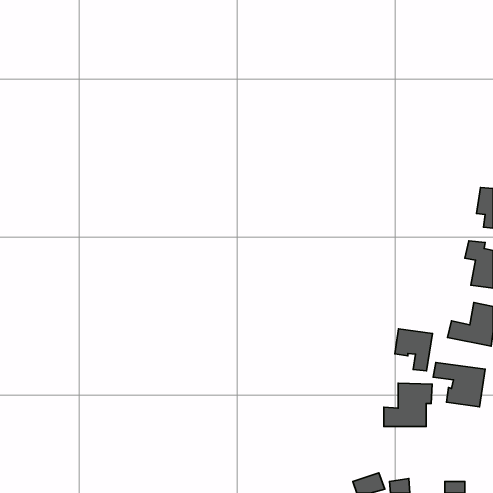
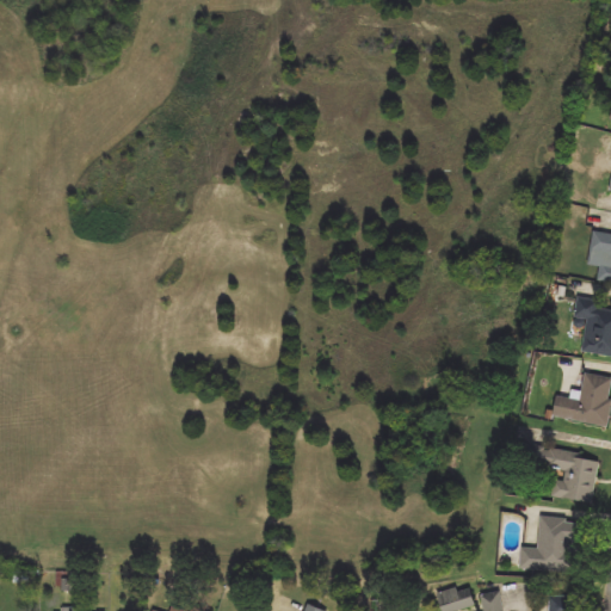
building: [395,329,432,371] -> none
building: [384,383,432,427] -> [521,517,581,570]

